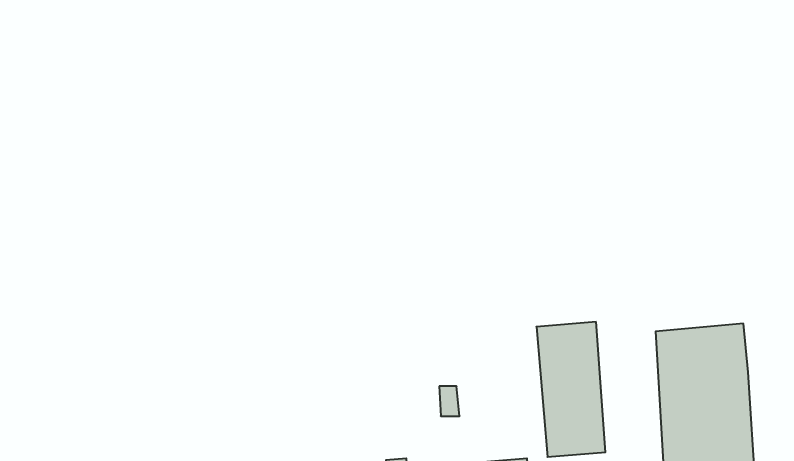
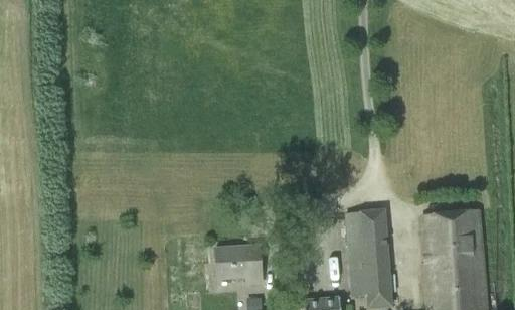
building: none -> [216,245,263,284]

